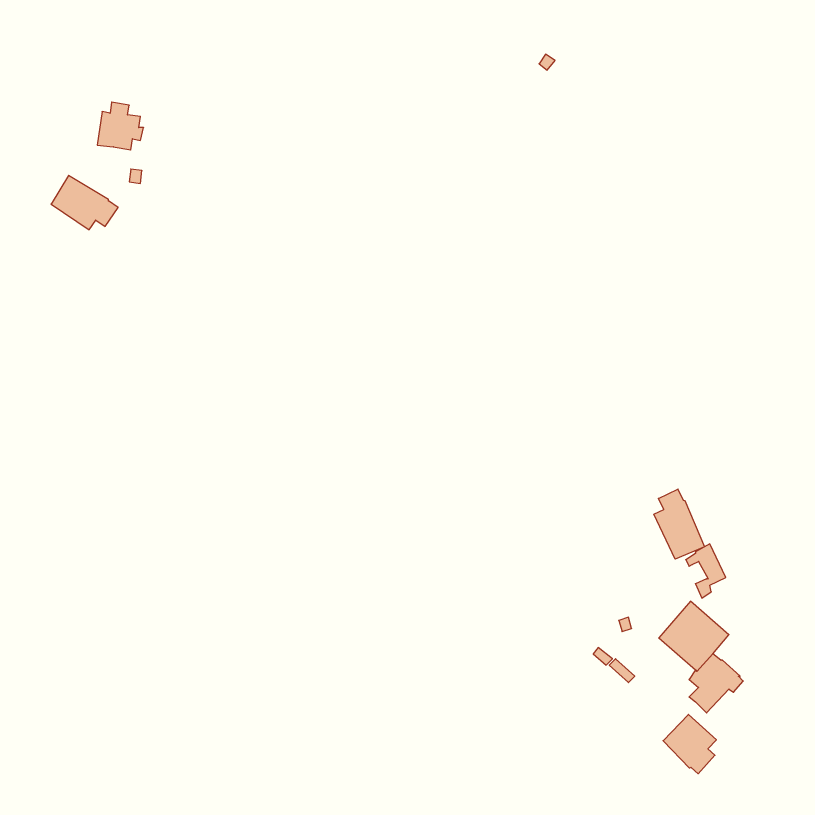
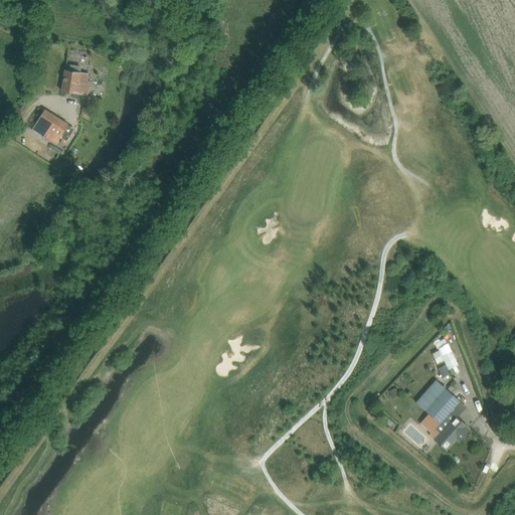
building: [654,489,705,559] -> none
building: [663,714,716,774] -> none

